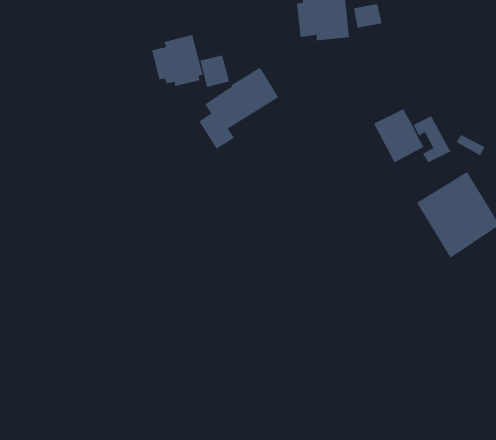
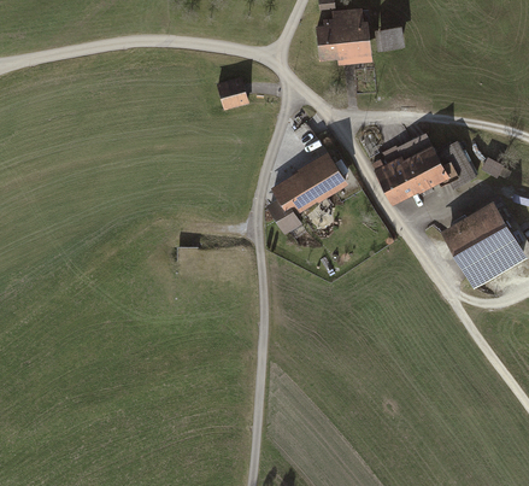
building: [151,34,203,87] -> none
building: [199,67,279,149] -> [265,148,348,234]
building: none -> [372,146,418,203]

